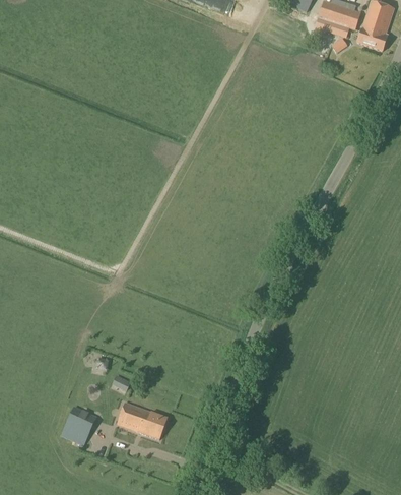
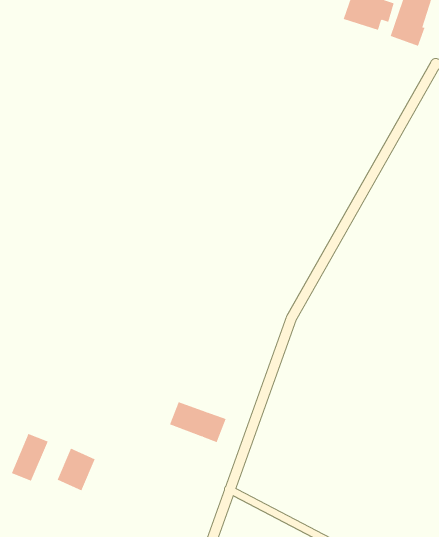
building: none -> [11,433,49,481]
building: [117,401,168,438] -> [169,402,226,443]

